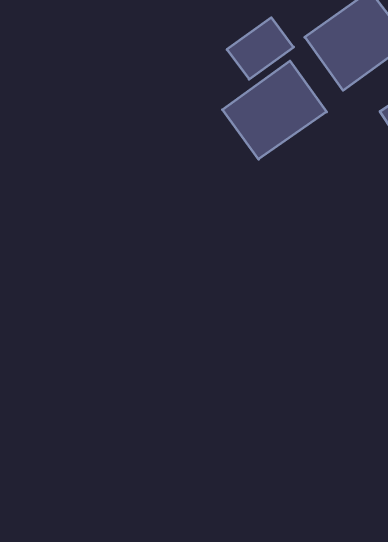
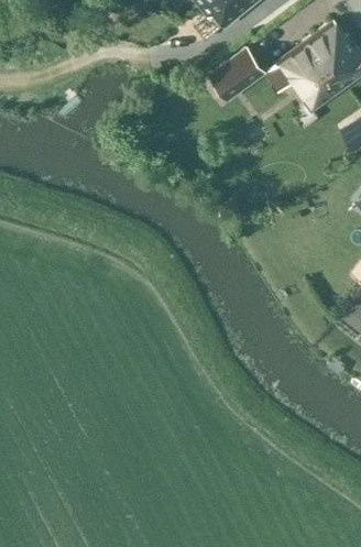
building: [222,61,327,159] -> none

